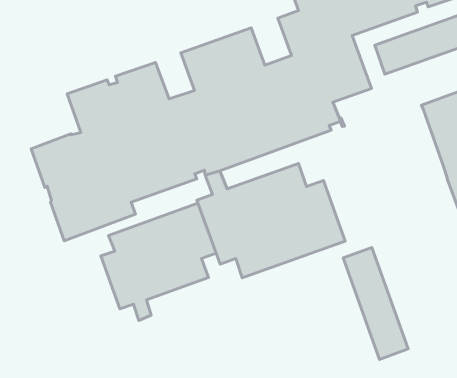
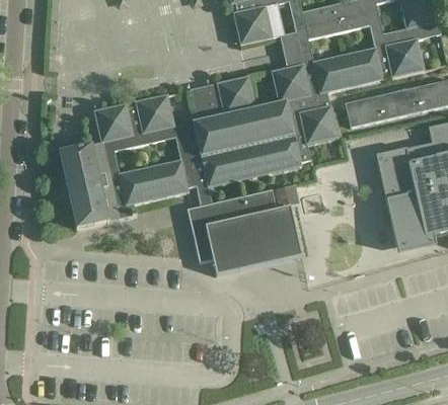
building: [101,203,216,320] -> none
building: [343,247,408,359] -> none

